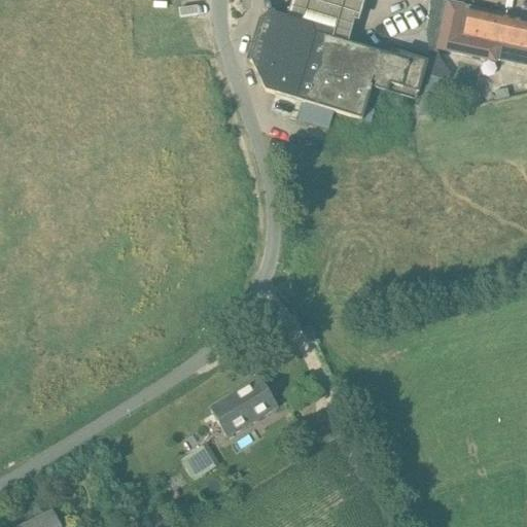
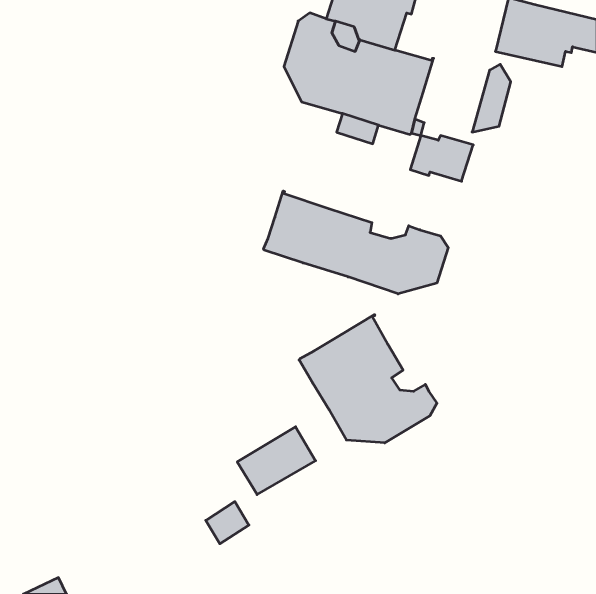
building: [374,51,429,92] -> [410,136,473,181]
building: none -> [264,191,448,294]
building: none -> [299,315,437,443]

